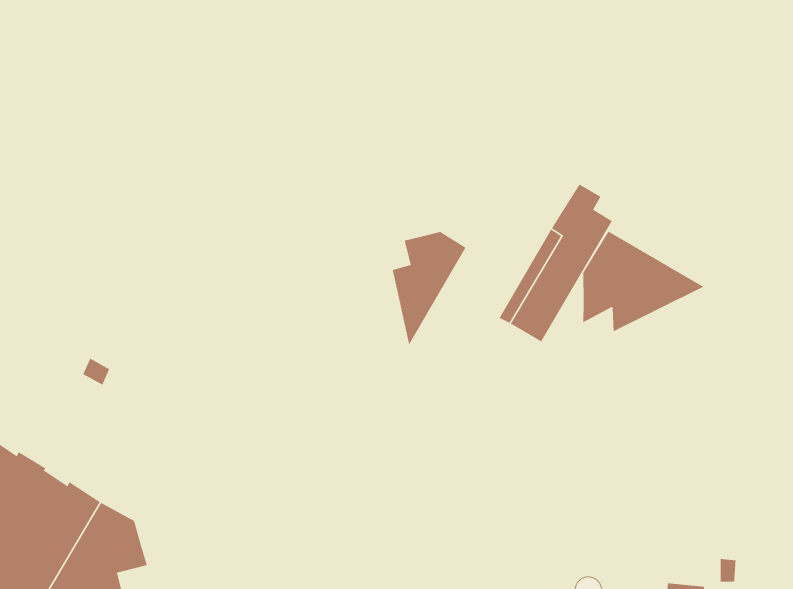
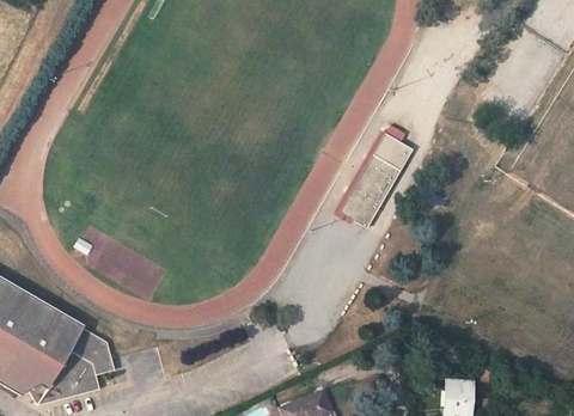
building: [583,230,705,333] -> none
building: [392,231,467,346] -> none

